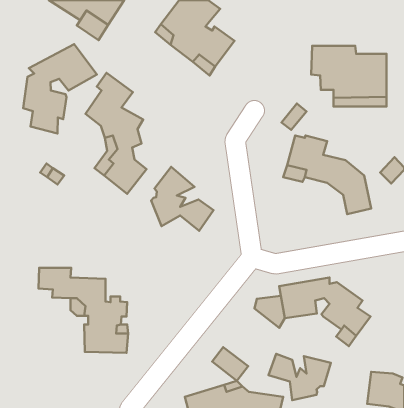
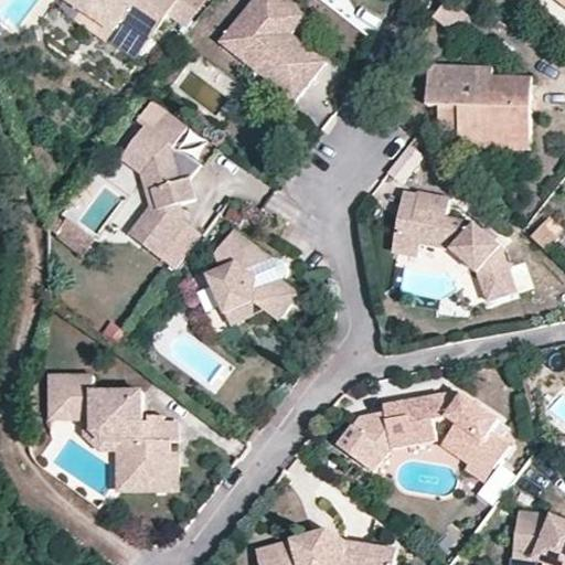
building: [23,44,97,134] -> none
building: [212,347,248,381] -> [335,427,385,473]
building: [268,354,331,400] -> none

